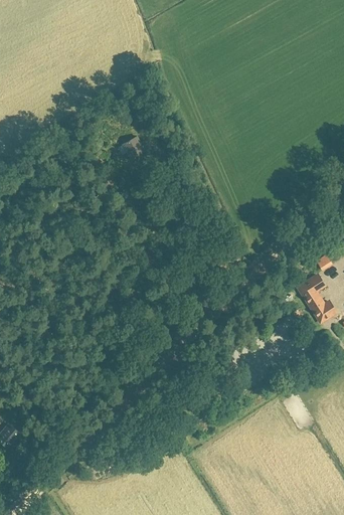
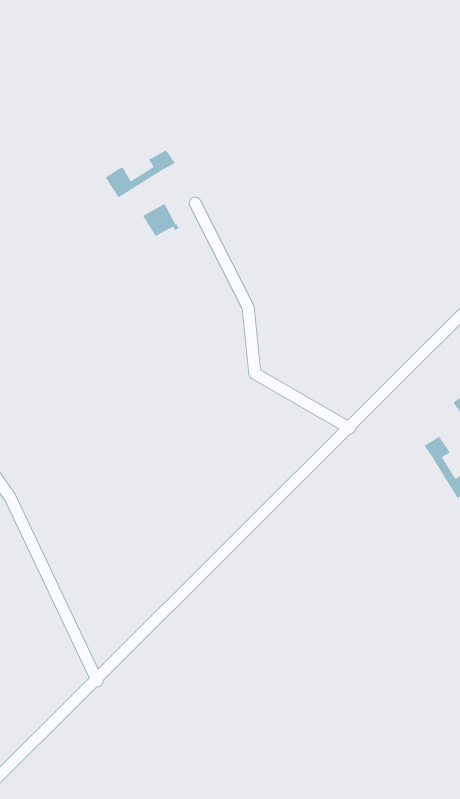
building: none -> [105,149,175,198]

